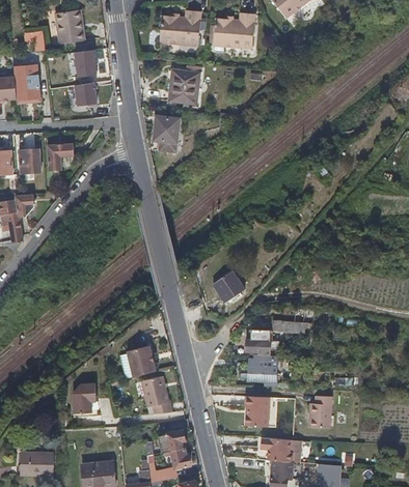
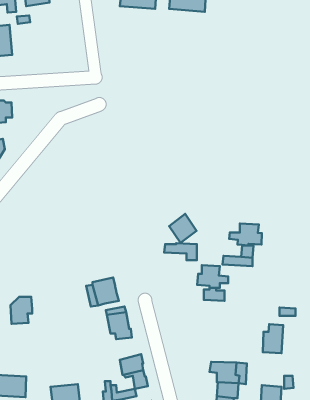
building: [77,54,105,74] -> none
building: [167,69,198,104] -> none
building: [75,82,102,107] -> none
building: [154,117,181,152] -> none
building: [47,143,73,171] -> none
building: none -> [229,223,262,246]
building: [239,369,275,388] -> [164,243,197,260]
building: [74,381,98,411] -> [11,297,32,324]
building: [244,396,277,427] -> none

